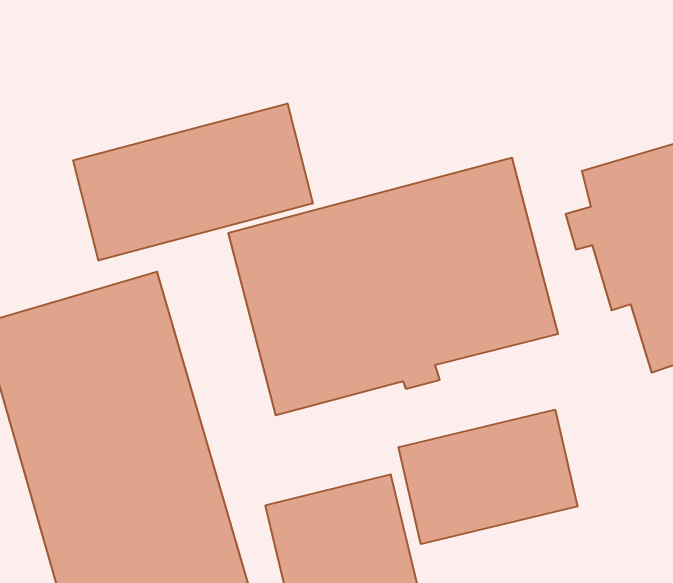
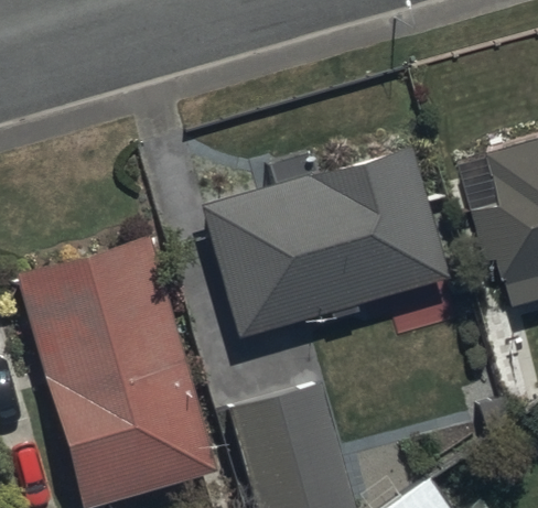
building: [73,103,313,261] -> none
building: [399,410,577,544] -> none

